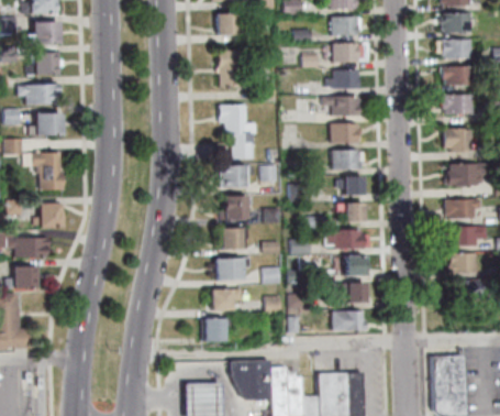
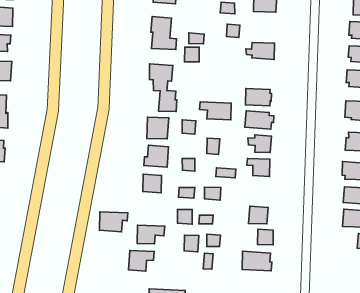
building: [333,43,364,63] -> none
building: [323,96,359,116] -> [200,102,231,120]
building: [326,230,369,248] -> none
building: [216,258,248,280] -> [99,212,128,232]

